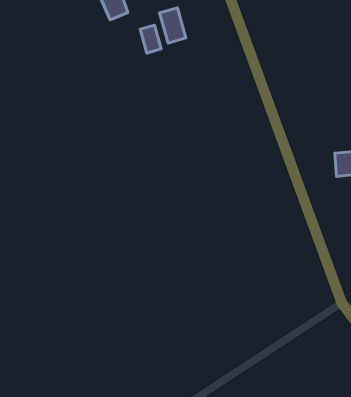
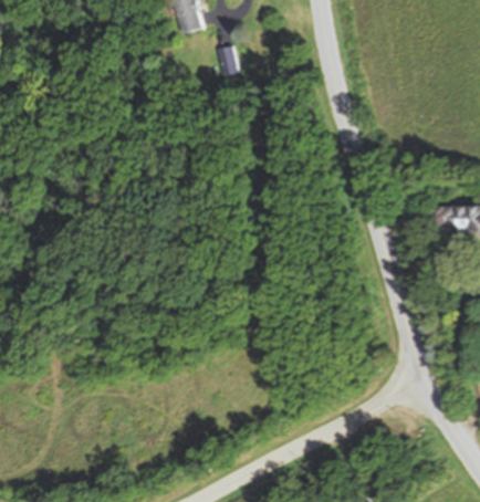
building: [159,8,186,43] -> none

